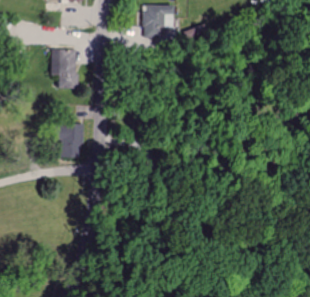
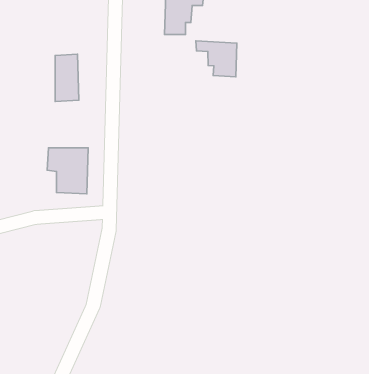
building: none -> [196,41,237,77]

